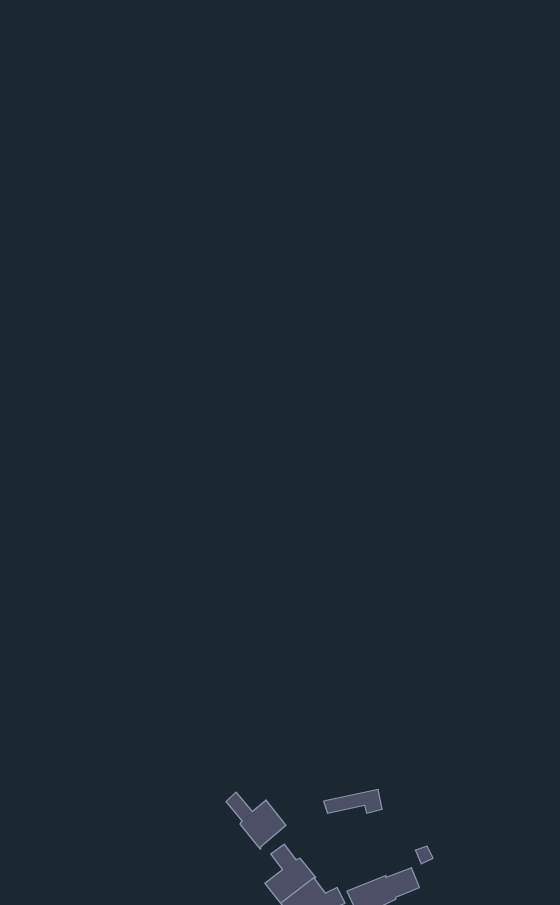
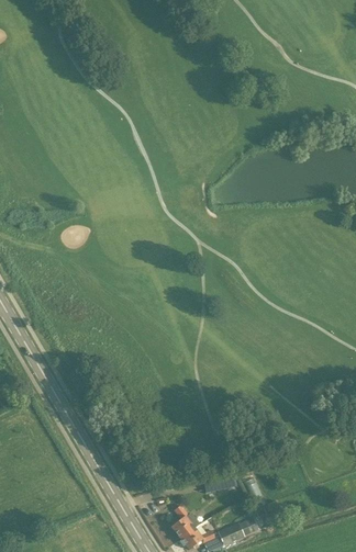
building: [226,792,286,849] -> none

